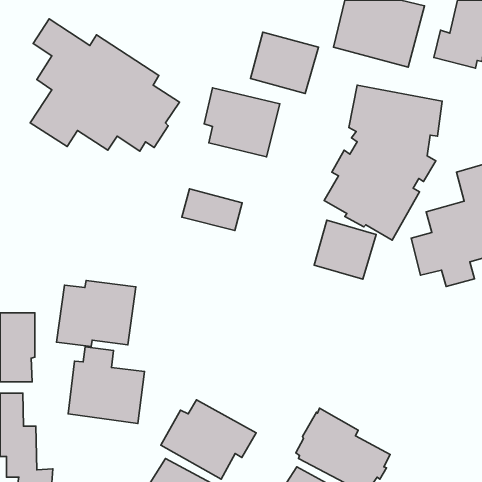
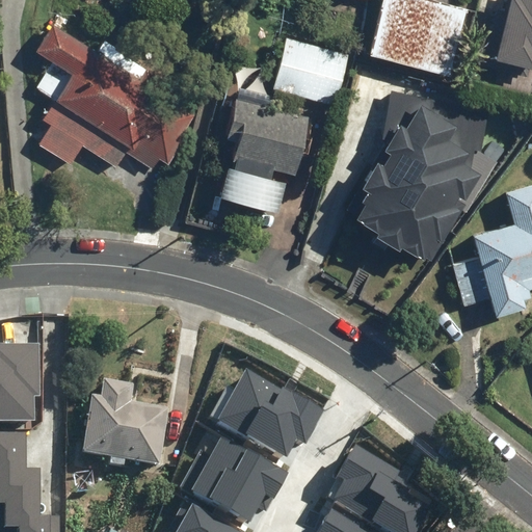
building: [182,189,242,230] -> [219,164,286,210]
building: [314,220,376,279] -> none
building: [56,280,136,346] -> none
building: none -> [212,373,319,464]

